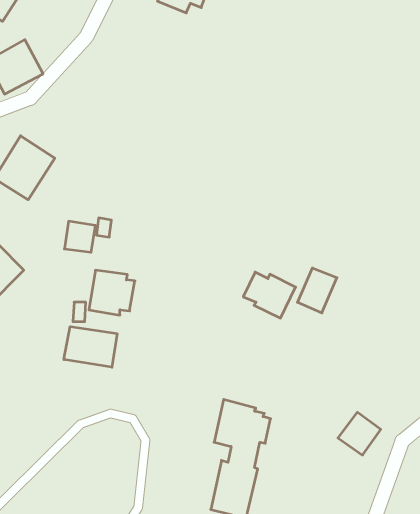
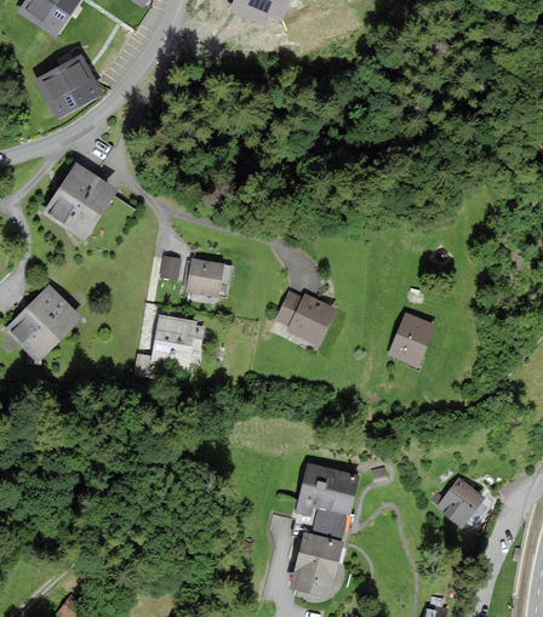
building: [64,221,95,252] -> [187,259,222,295]
building: [243,272,296,318] -> [275,292,335,344]
building: [64,327,117,367] -> none

